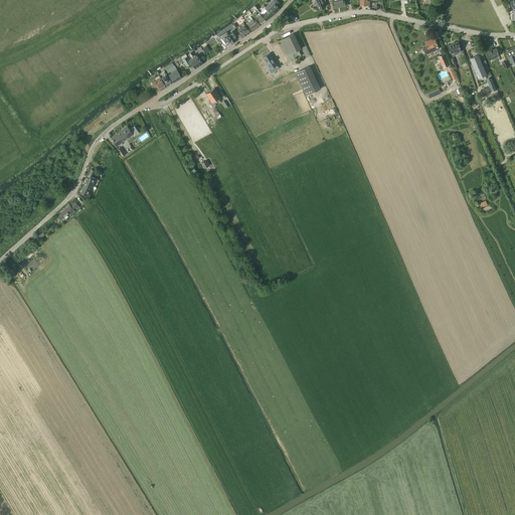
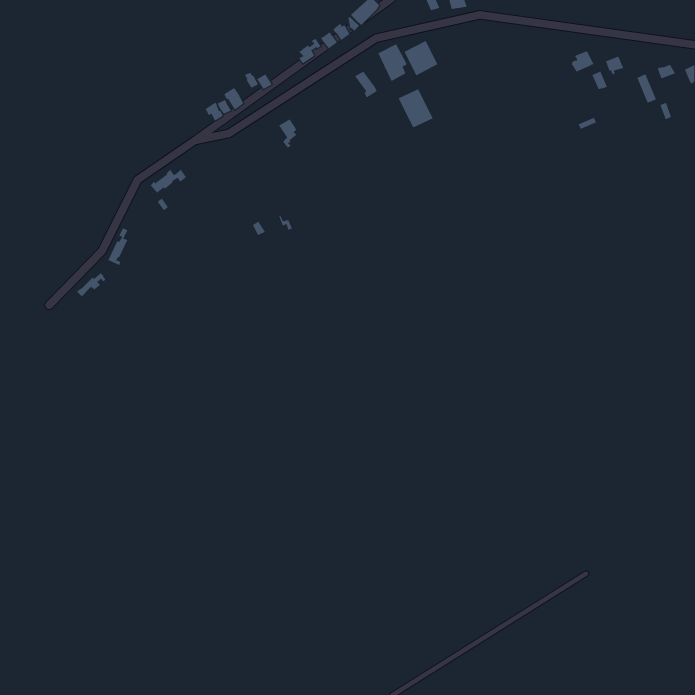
building: none -> [404,40,438,76]

